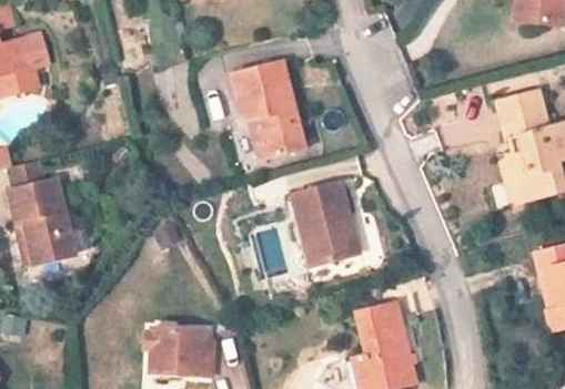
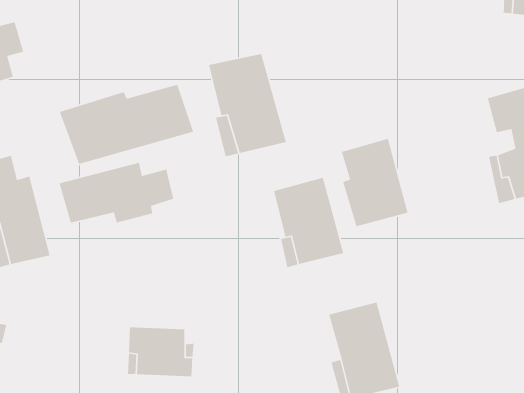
building: none -> [59,84,194,165]
building: none -> [341,138,409,227]
building: none -> [59,162,174,224]

